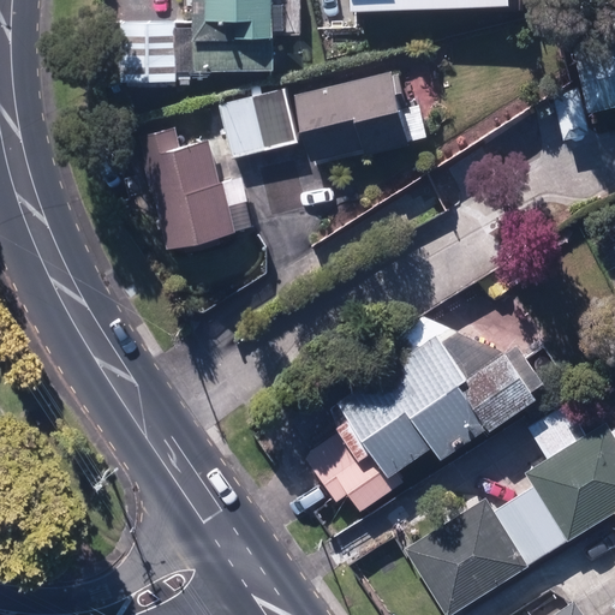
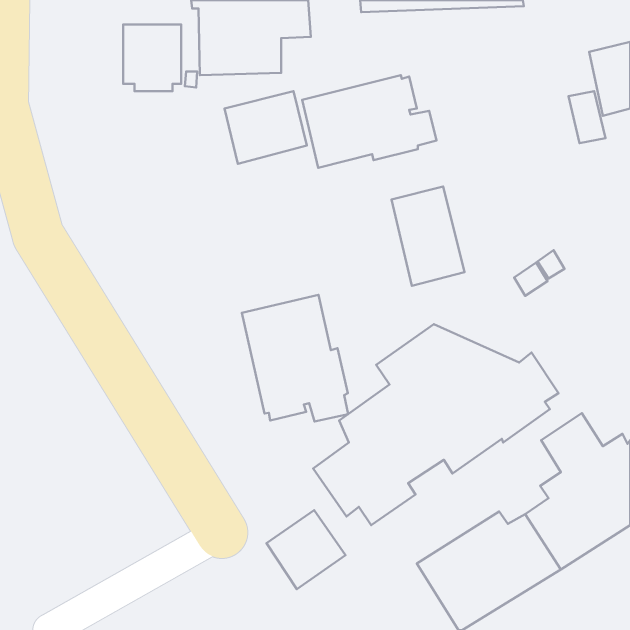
building: [139,130,252,252] -> none
building: none -> [391,186,465,286]
building: none -> [242,295,348,422]
building: none -> [266,510,346,589]

